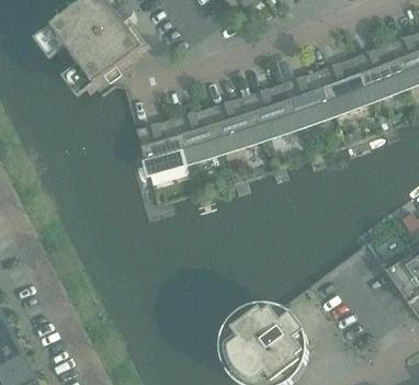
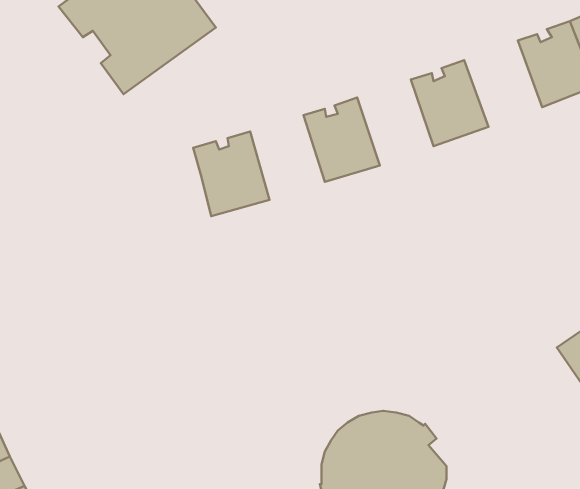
building: [319,56,372,114] -> none
building: [247,82,298,140] -> none
building: [174,106,225,163] -> none

